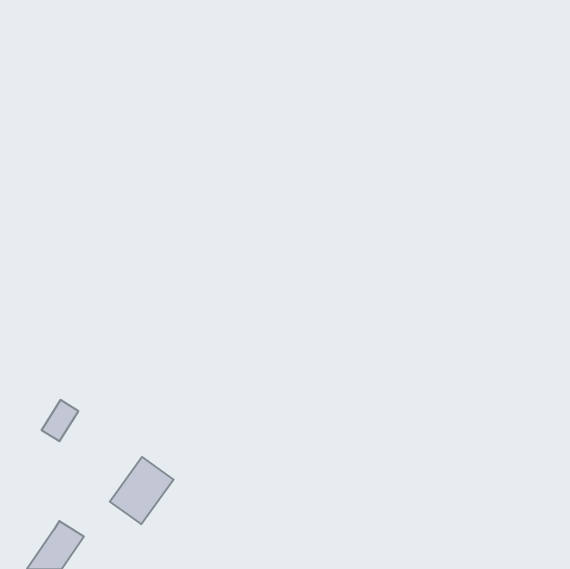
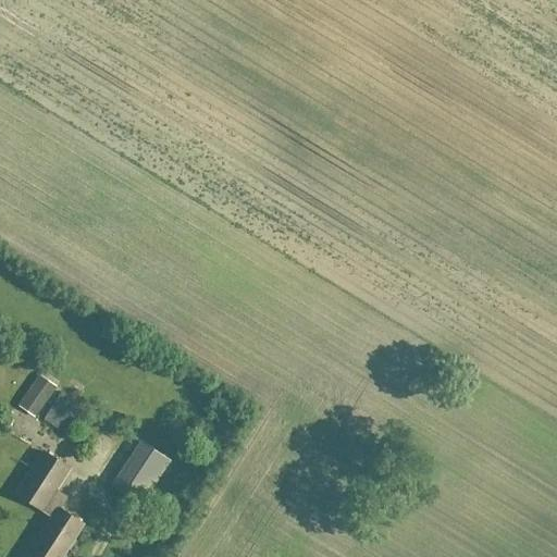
building: none -> [21,375,59,418]
building: none -> [17,450,71,515]

